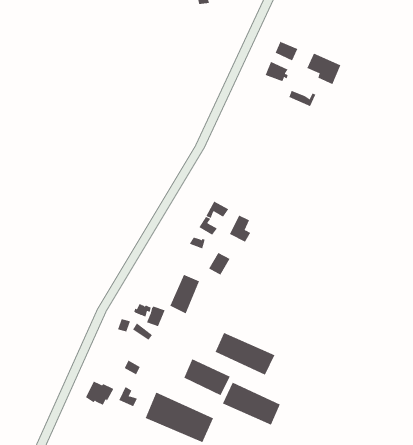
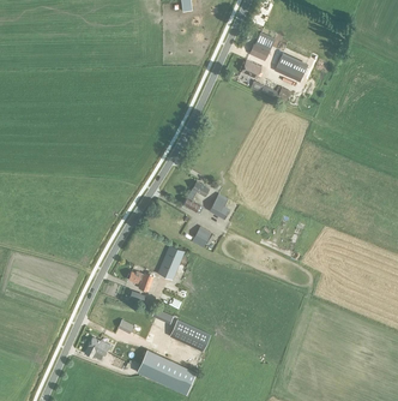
building: [215,332,275,376] -> none
building: [222,382,281,425] -> none

